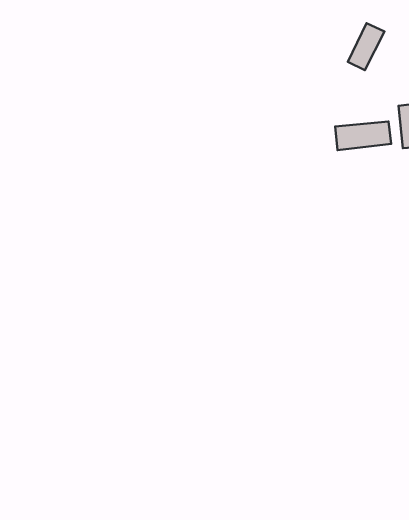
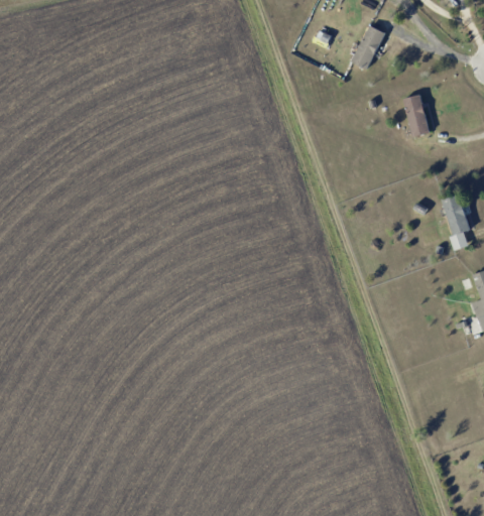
building: [335,121,391,150] -> none

